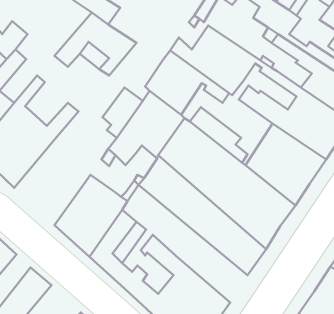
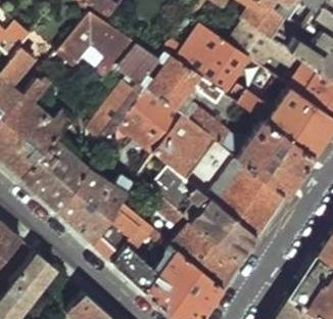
building: none -> [107,44,160,85]
building: none -> [21,132,99,215]
building: none -> [168,208,240,287]

